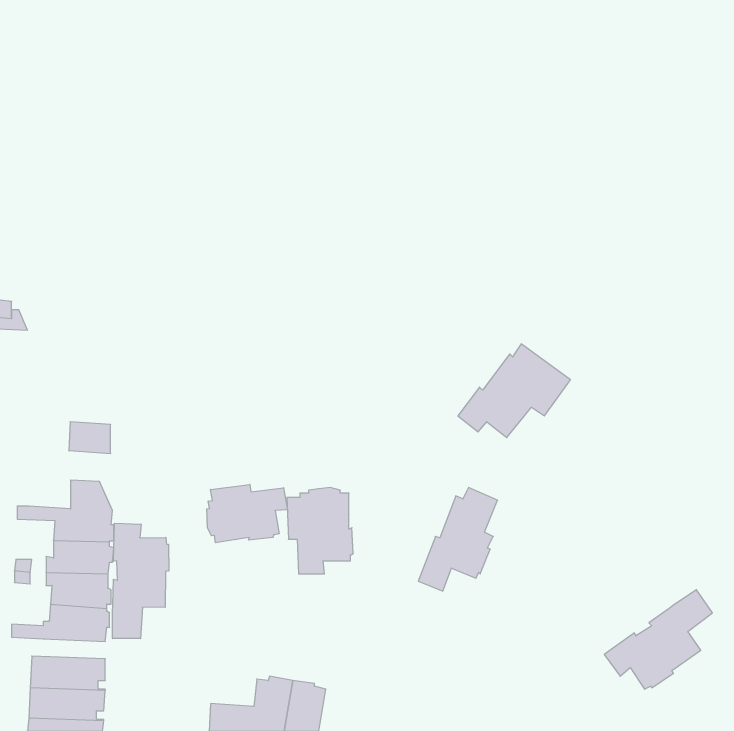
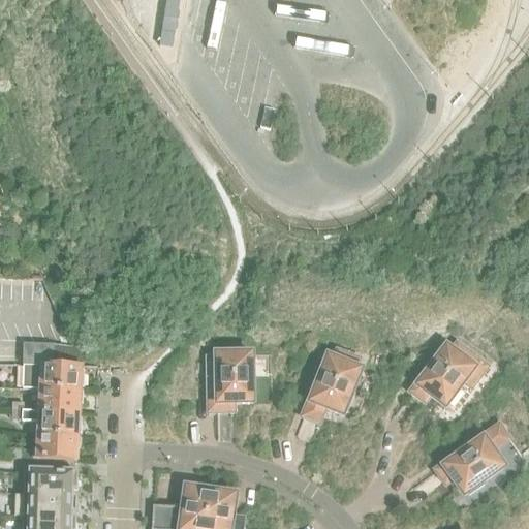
building: [458,344,570,438] -> [408,339,489,406]
building: [69,422,111,453] -> [21,342,51,365]
building: [207,484,287,543] -> none
building: [112,523,169,639] -> none

